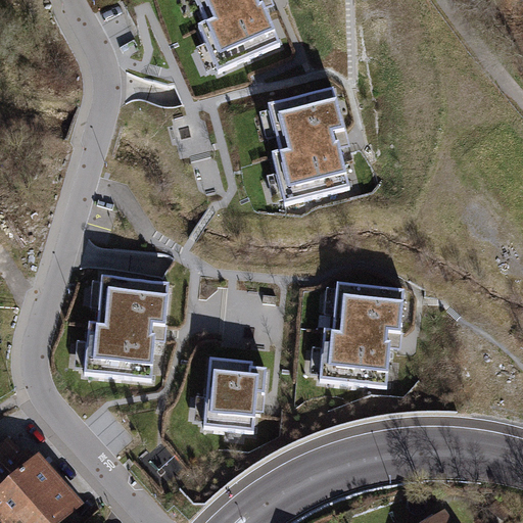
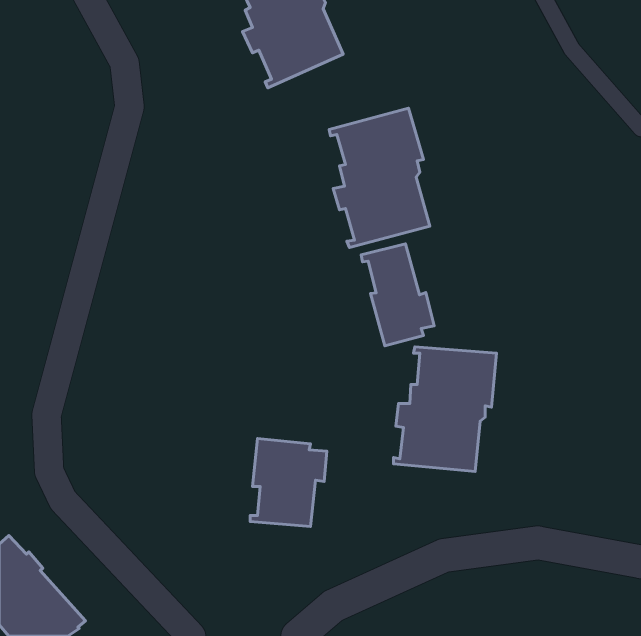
building: none -> [361,244,434,346]
building: [84,275,168,377] -> none

